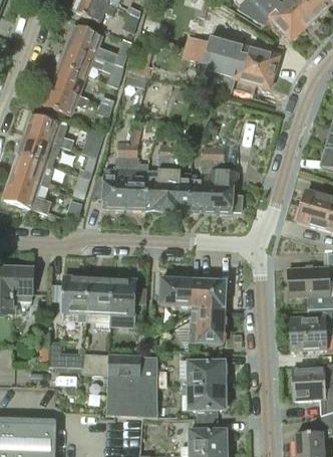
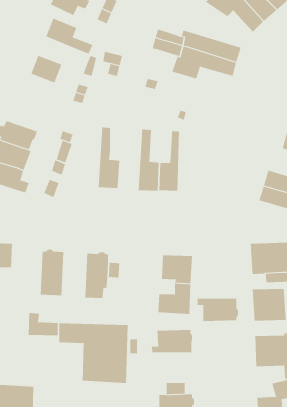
building: [60,44,106,74] -> none
building: [44,84,89,115] -> none
building: [26,113,73,150] -> none
building: [103,142,128,207] -> none
building: [146,143,172,210] -> none
building: [211,147,243,212] -> none
building: [86,274,112,325] -> none
building: [159,277,194,305] -> none
building: [183,385,228,410] -> [197,298,239,321]

